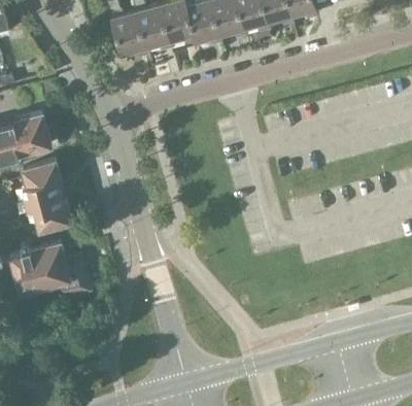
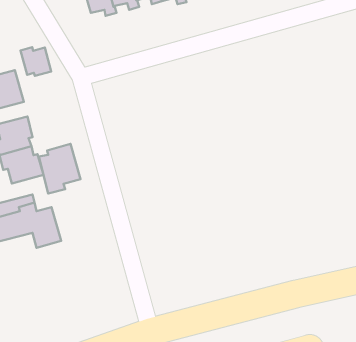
building: none -> [20,47,51,76]
building: none -> [39,144,81,194]

